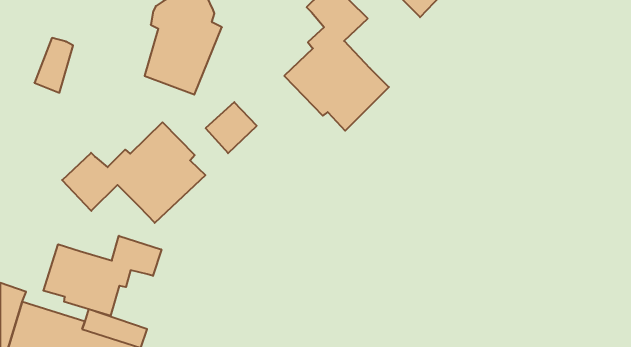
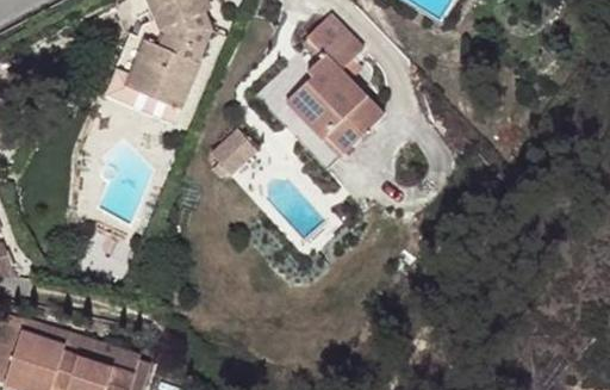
building: [34,38,73,93] -> [119,44,156,97]
building: [62,122,205,223] -> none
building: [43,236,161,316] -> none

